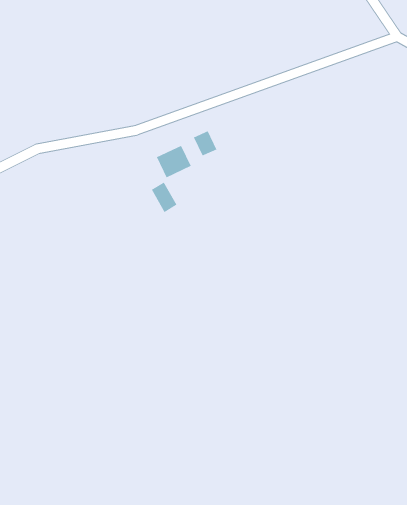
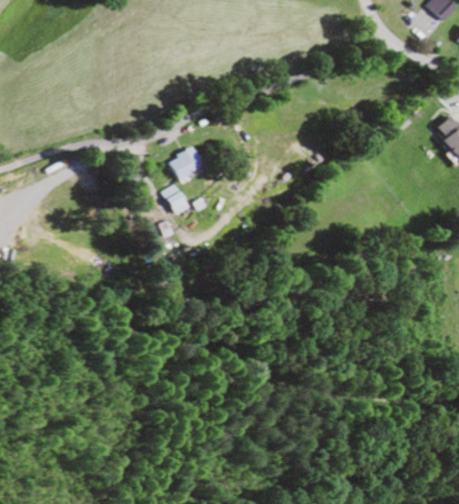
building: [193,130,218,157] -> none

